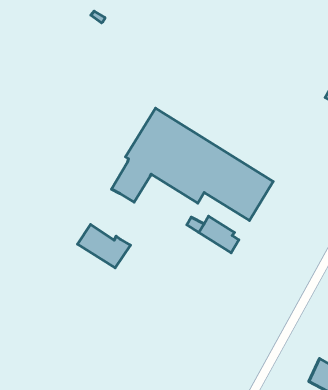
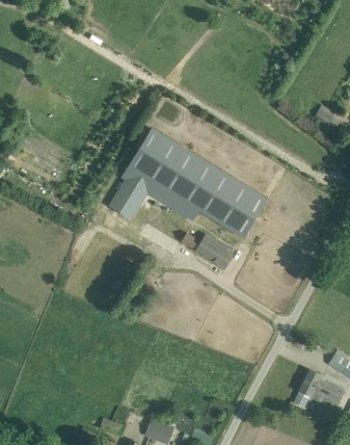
building: [77,224,131,268] -> none

